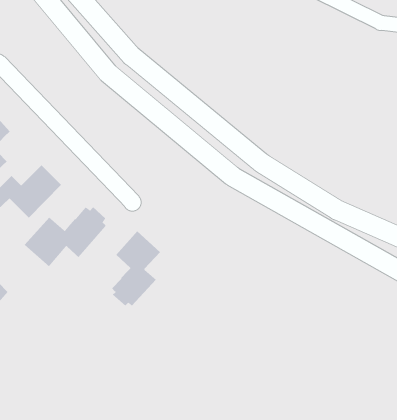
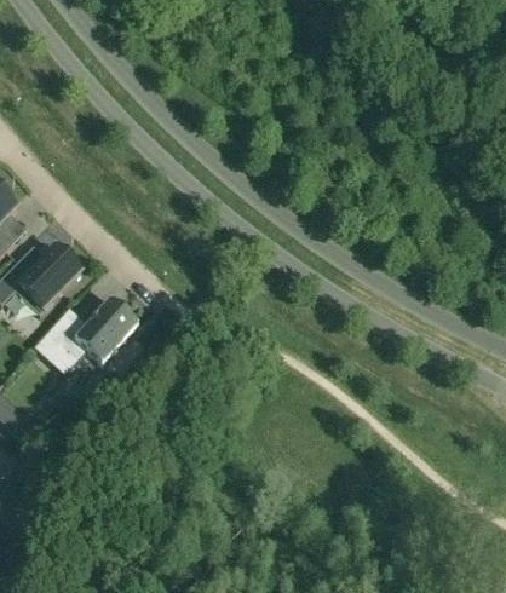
building: [111,231,161,307] -> none

